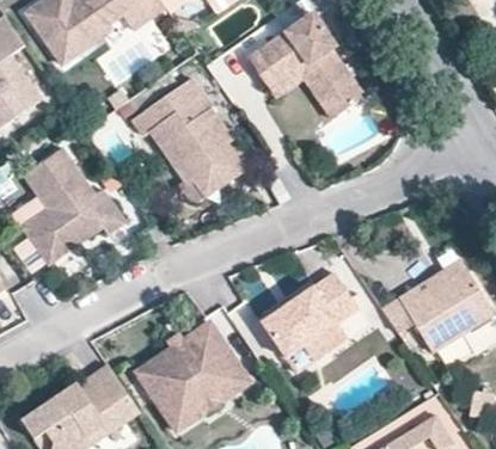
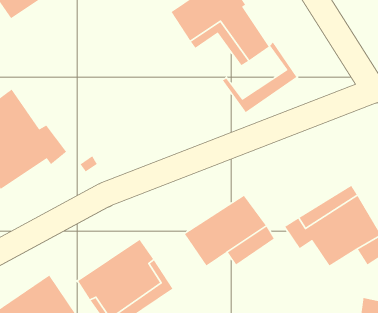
building: [130,78,245,199] -> none
building: none -> [222,42,298,113]

